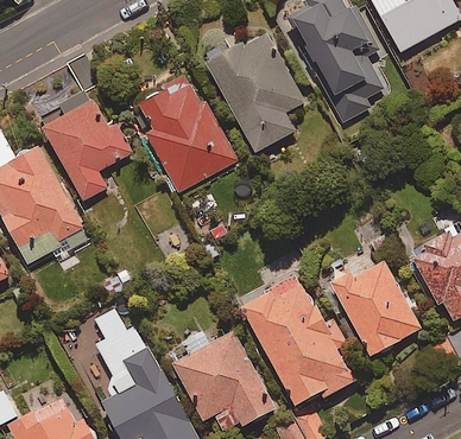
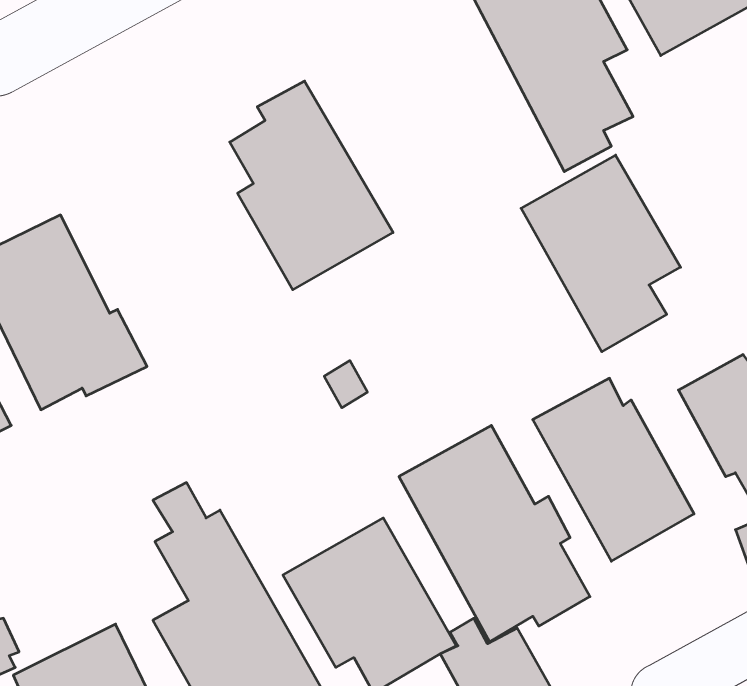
building: [208,33,304,152] -> [521,155,681,352]
building: [42,98,131,201] -> none

